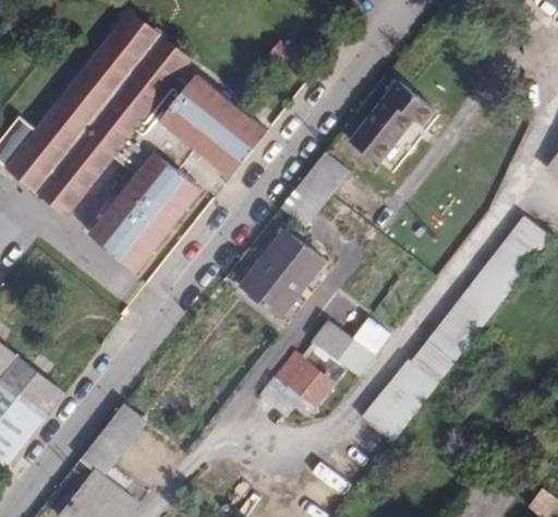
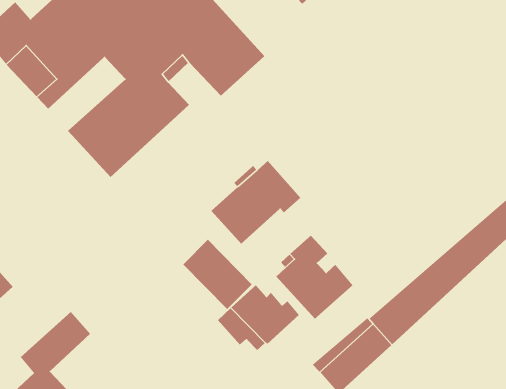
building: [351,81,432,161] -> none
building: [280,152,349,227] -> none
building: none -> [182,239,253,310]

